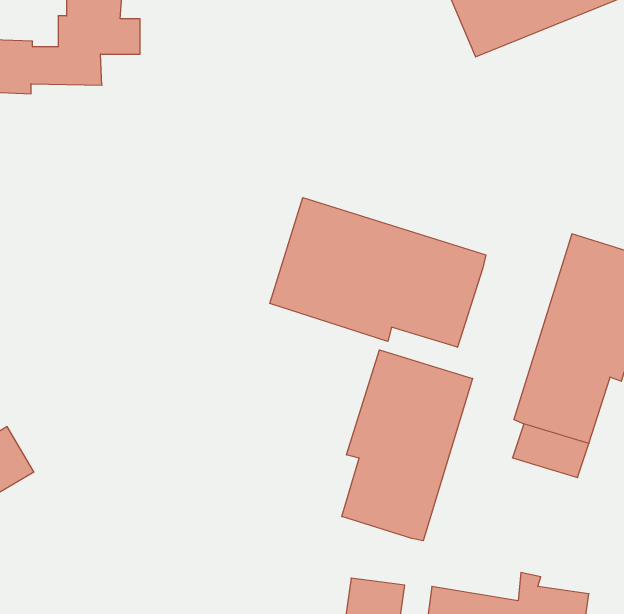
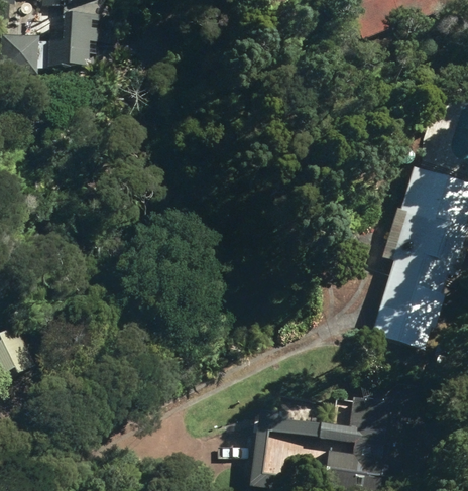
building: [270,198,486,347] -> none
building: [342,350,473,541] -> none

